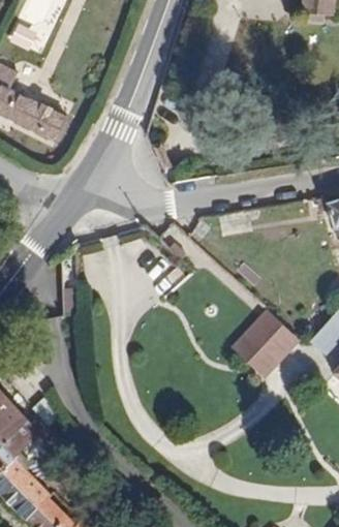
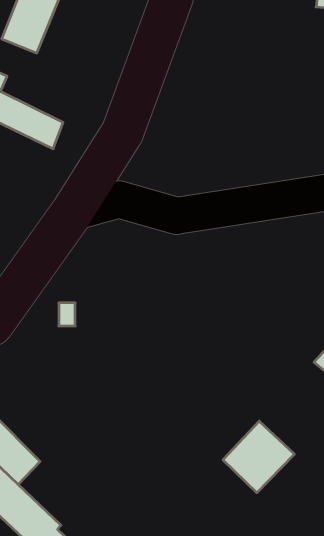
building: [232,311,299,378] -> [223,421,294,493]

